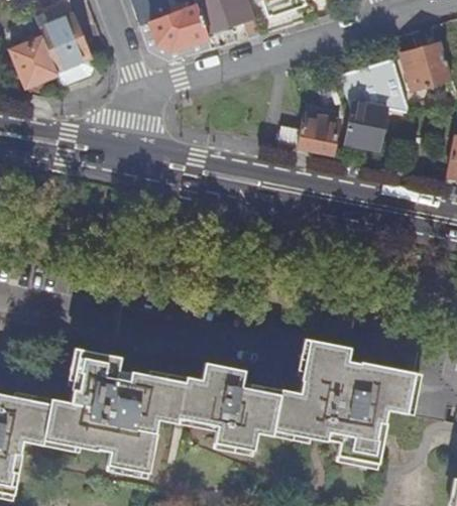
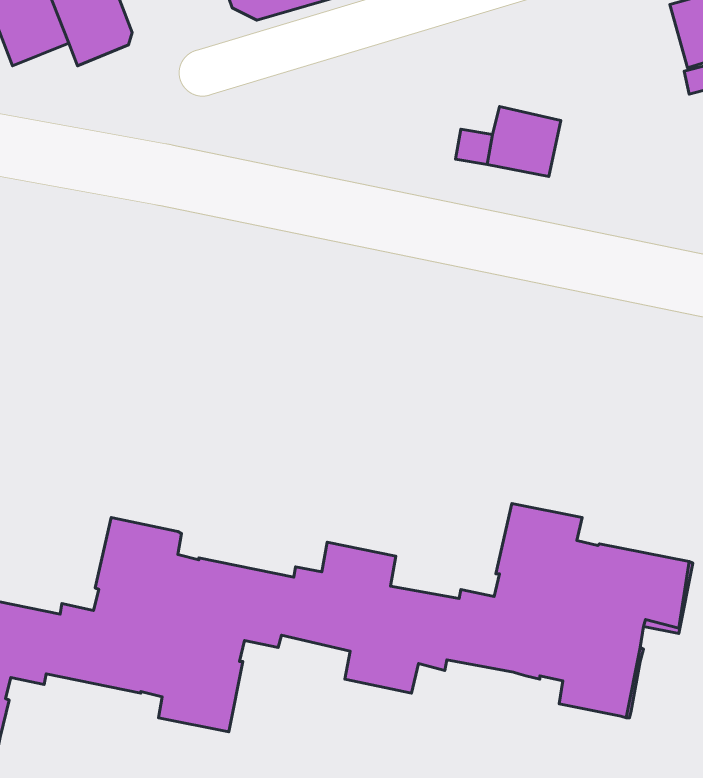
building: [340,58,408,149] -> none

